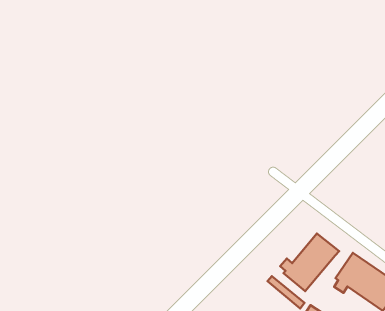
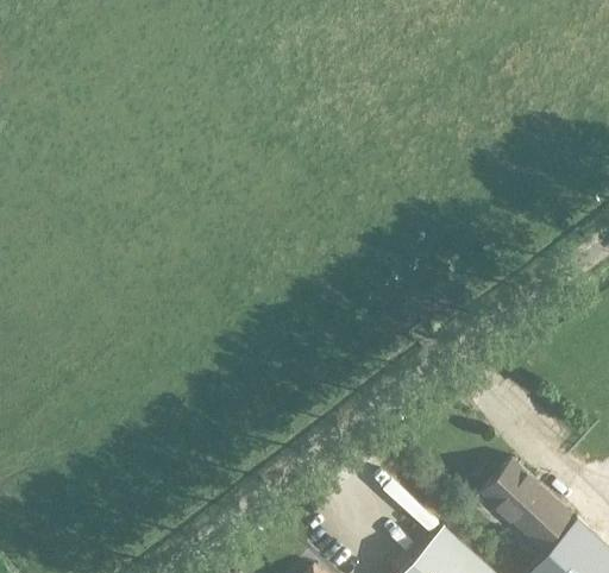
building: [280,233,339,291] -> none

